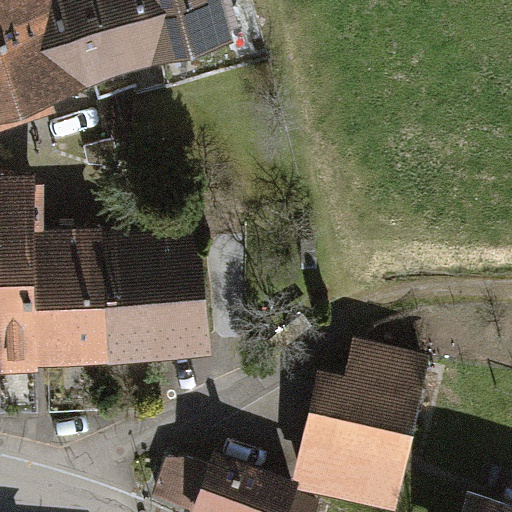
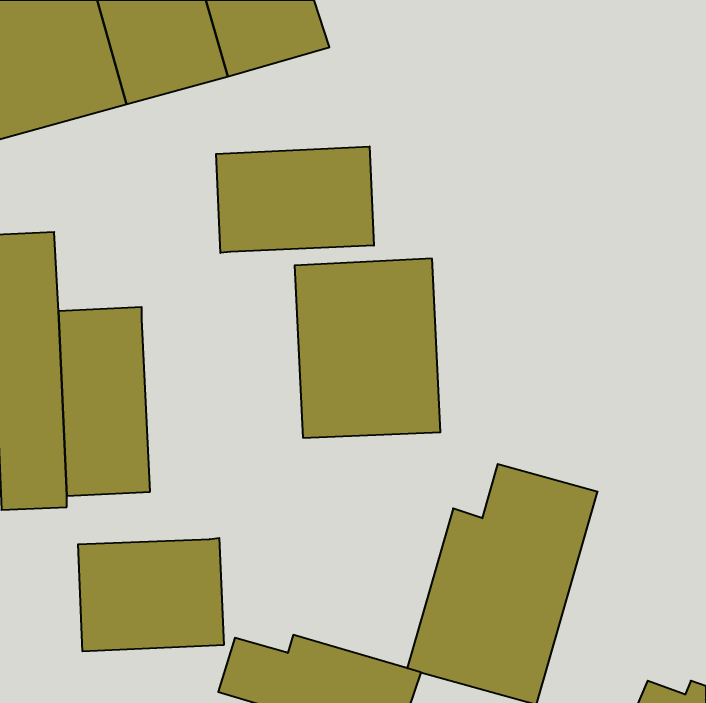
building: none -> [216,146,374,253]
building: [102,230,207,359] -> [295,259,440,438]
building: none -> [78,538,224,651]

